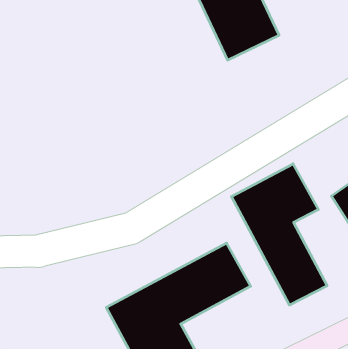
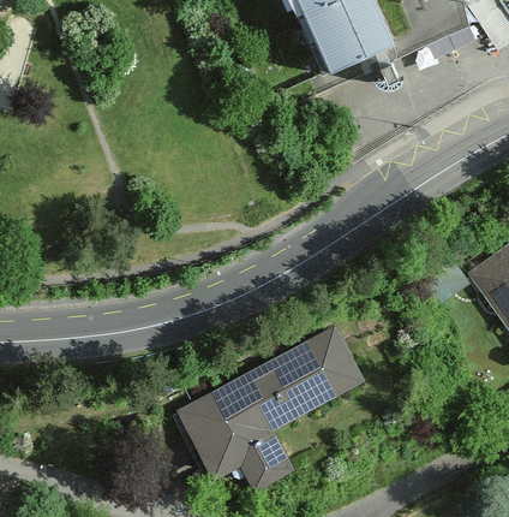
building: [231,164,327,305] -> none

